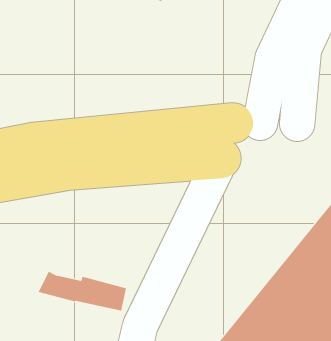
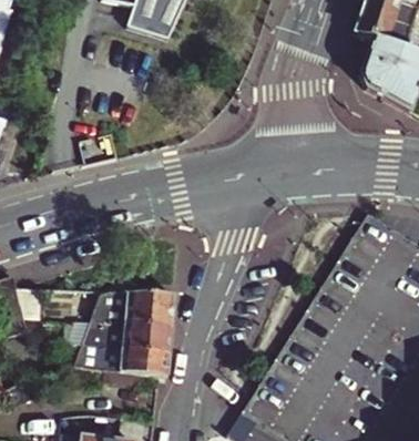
building: none -> [90,291,173,329]
building: none -> [78,343,167,378]

